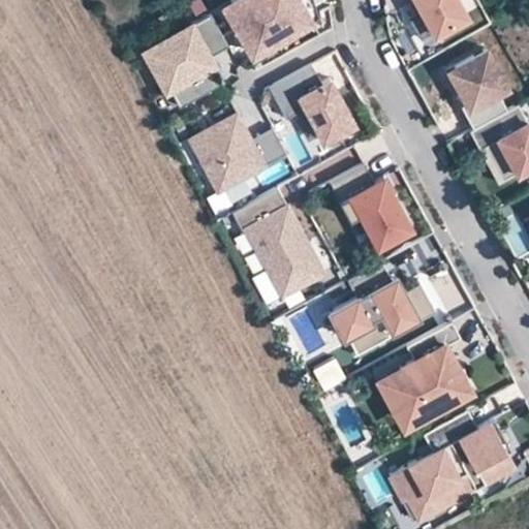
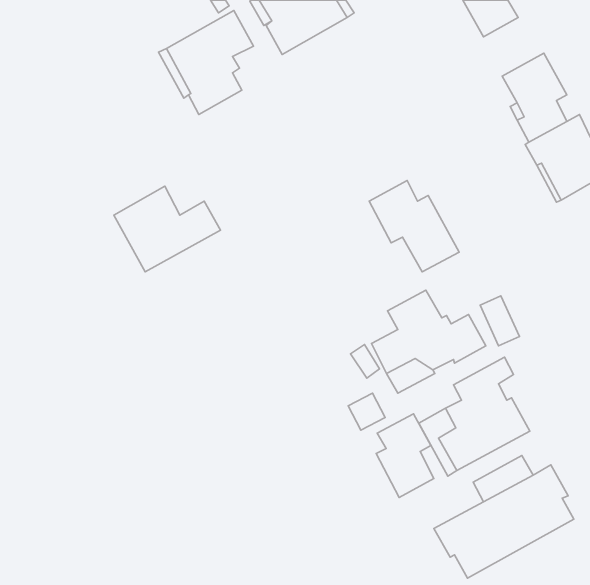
building: [269,67,354,141] -> none
building: [190,114,285,190] -> [114,186,220,272]
building: [232,190,323,297] -> none
building: none -> [376,414,434,497]

